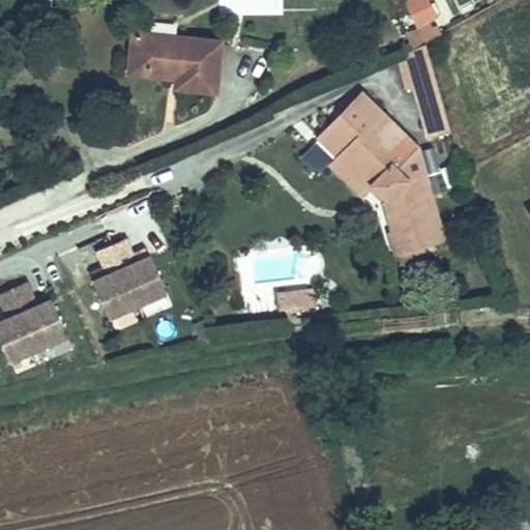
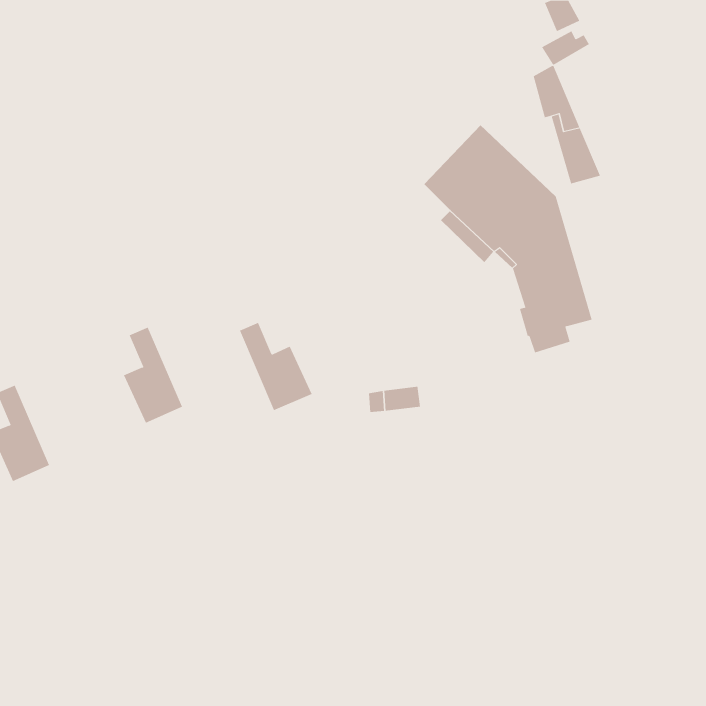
building: [128,33,220,92] -> none
building: [111,239,166,305] -> [239,322,312,411]
building: [11,283,66,349] -> none

